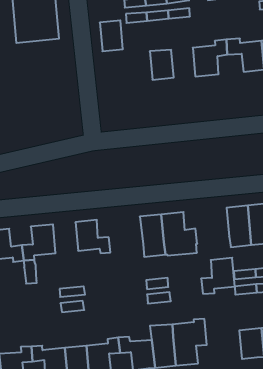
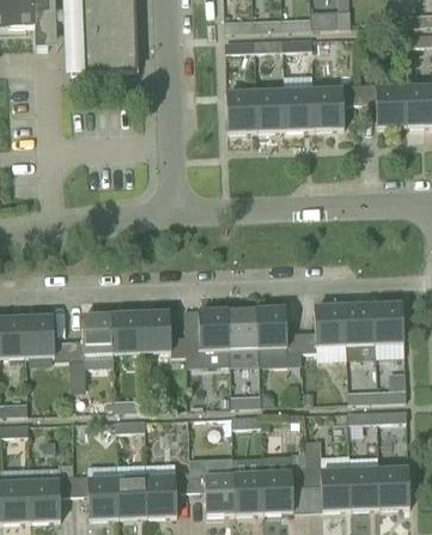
building: [100,20,123,51] -> [225,91,254,130]
building: none -> [281,90,311,128]
building: none -> [183,310,229,365]
building: none -> [110,312,141,352]
building: [201,258,235,294] -> [299,305,343,351]
building: none -> [305,469,351,509]

